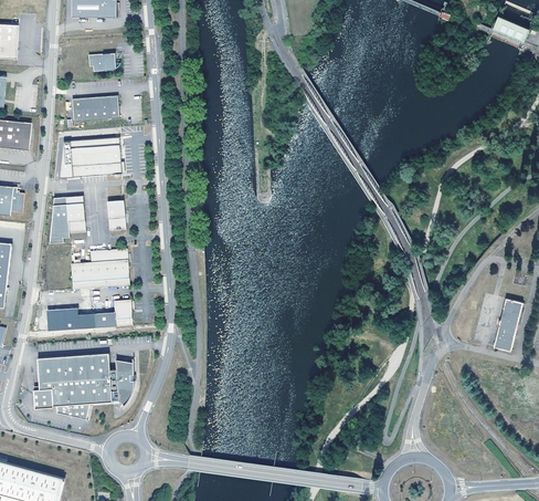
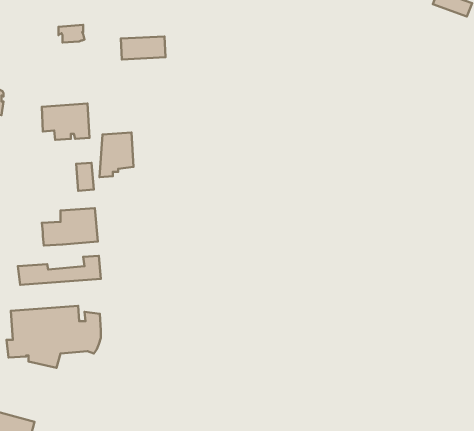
building: [70,96,117,121] -> [121,37,165,59]
building: [47,196,84,243] -> [99,133,134,177]
building: [493,298,521,351] -> none

